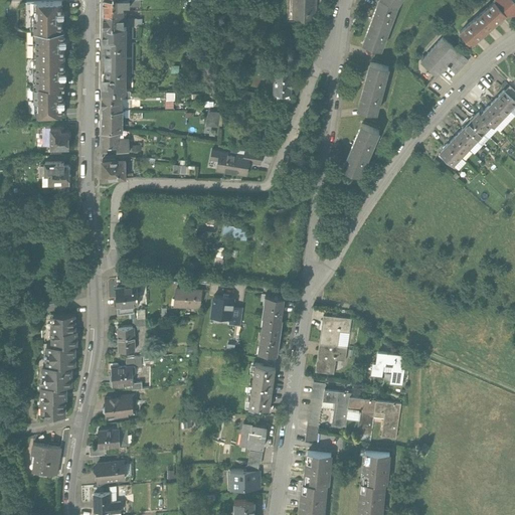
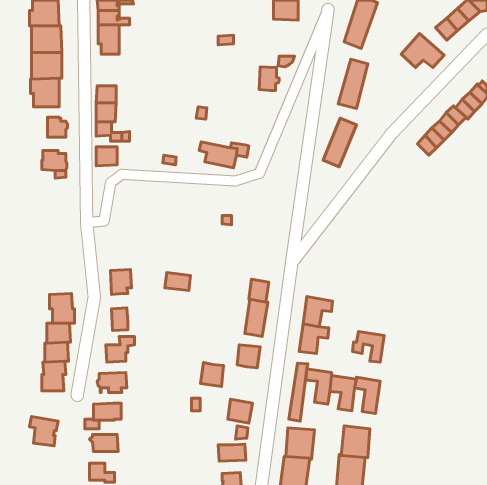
building: [103,59,126,93] -> none
building: [211,296,233,321] -> none
building: [247,387,272,412] -> [201,363,223,386]

